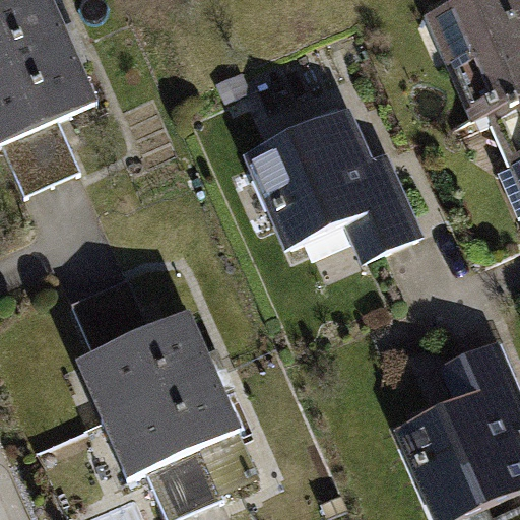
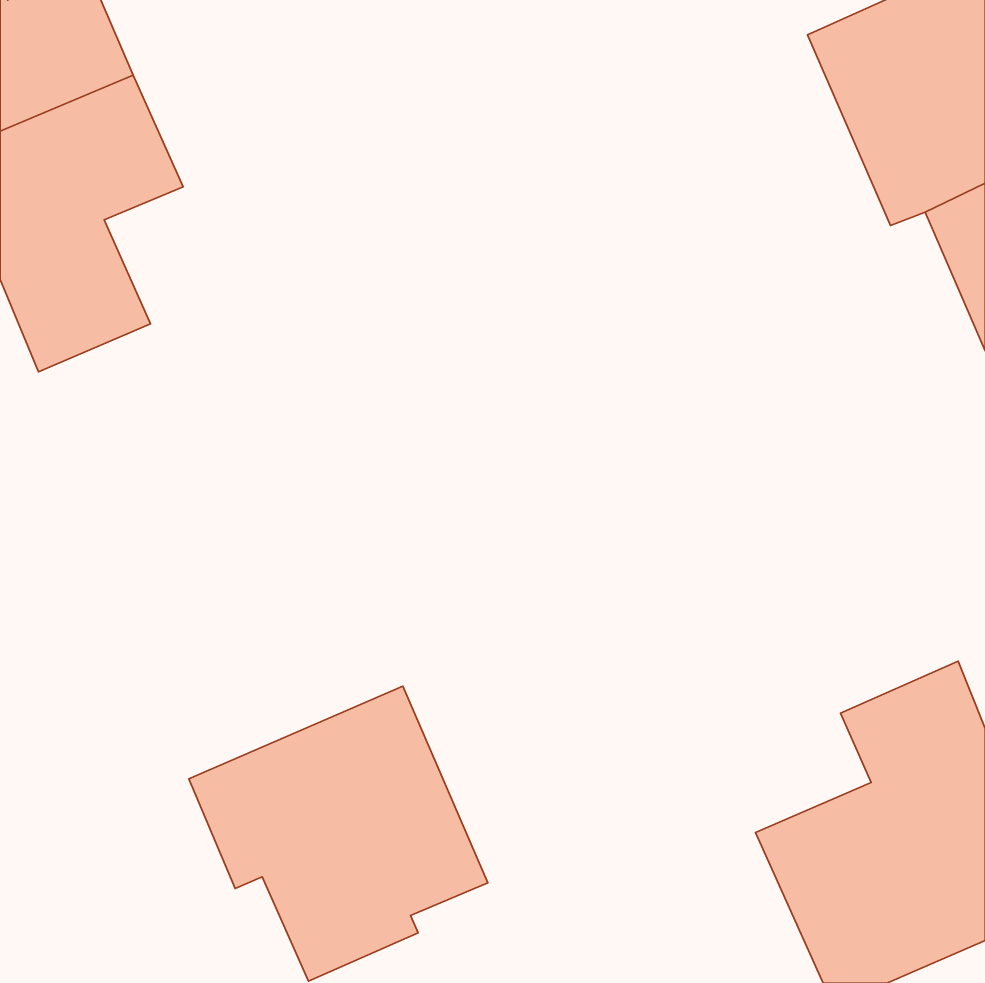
building: [247,112,427,267] -> none
building: [67,272,212,410] -> none

